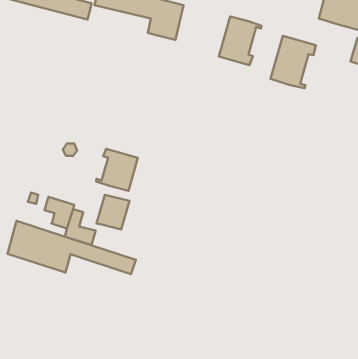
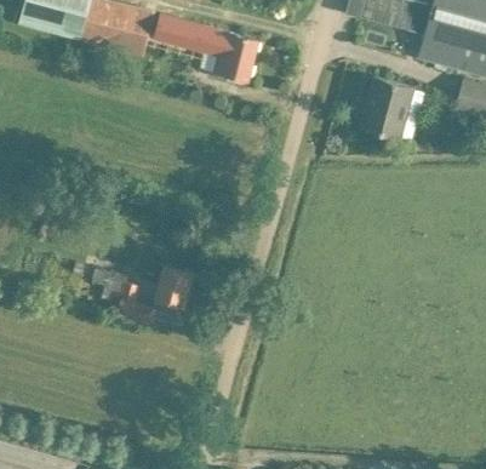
building: [219,17,262,65] -> none
building: [96,149,138,191] -> none
building: [7,221,136,274] -> none

